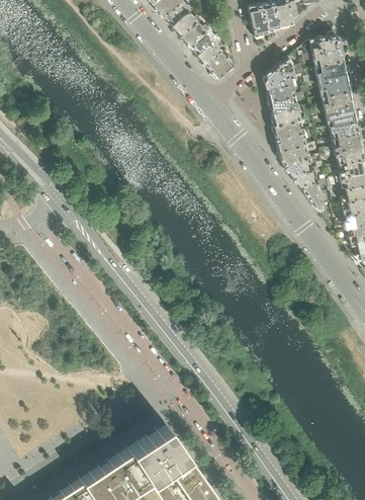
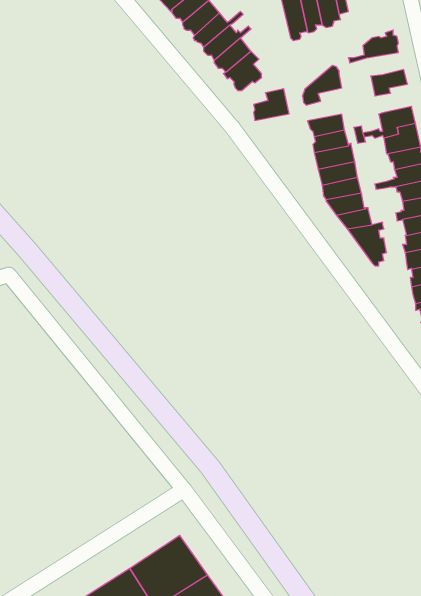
building: [314,51,343,69] -> none
building: [321,75,349,98] -> none
building: [268,79,295,103] -> [254,89,289,120]

